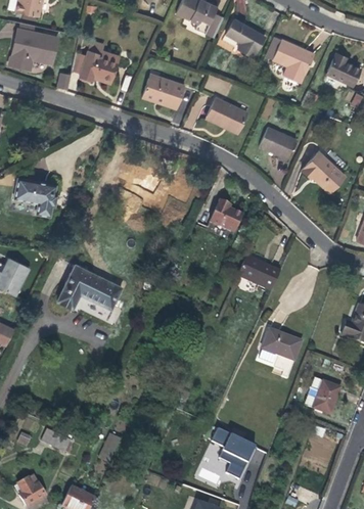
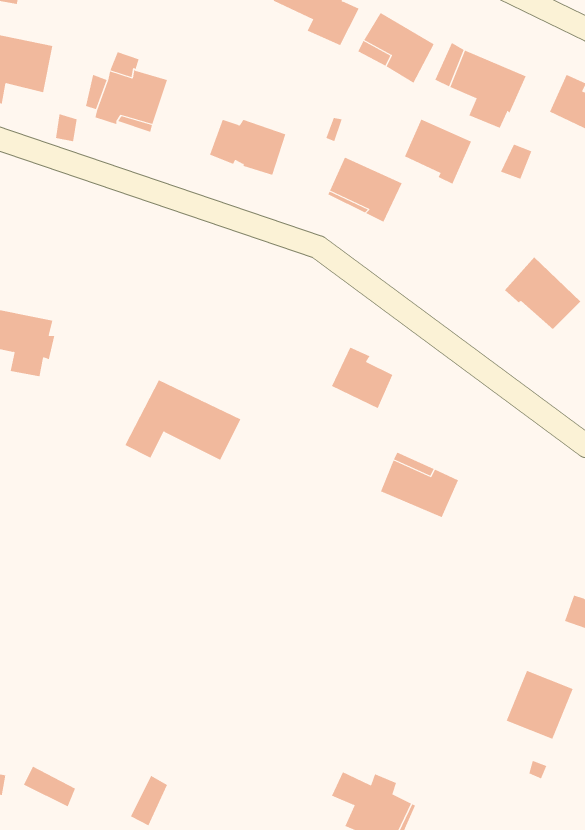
building: [261,126,298,161] -> [404,119,472,185]
building: [57,268,121,312] -> [125,380,241,460]
building: [260,331,301,364] -> none

